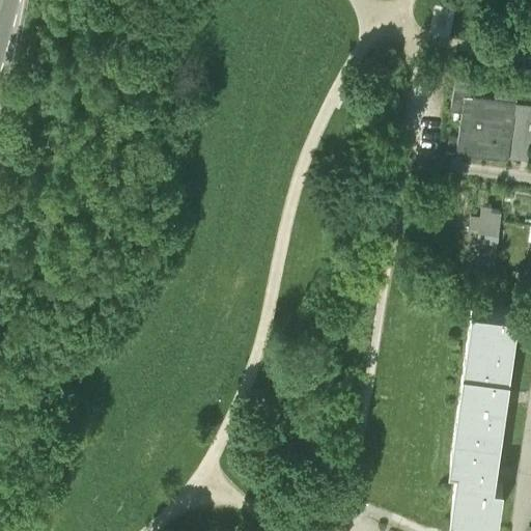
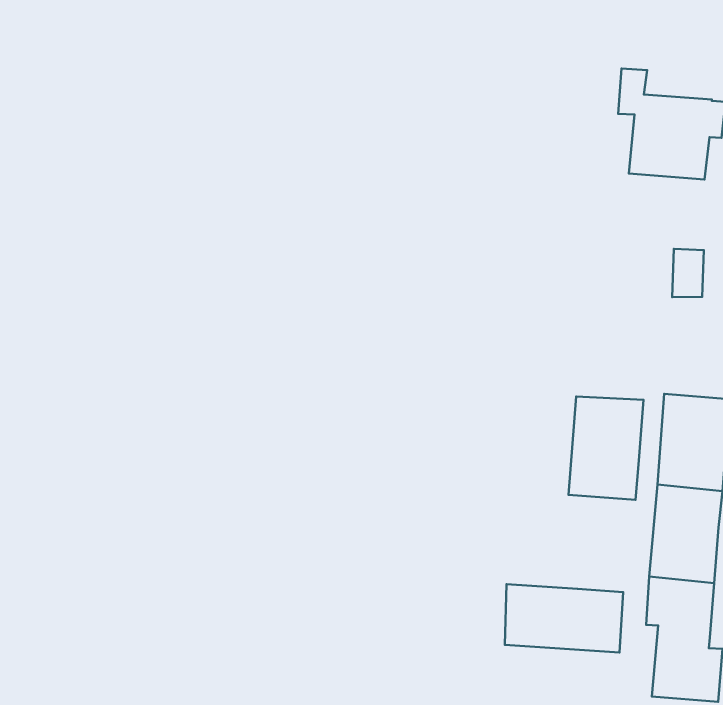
building: none -> [569,397,643,500]
building: none -> [505,584,623,653]

